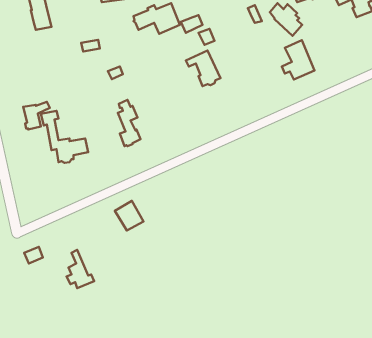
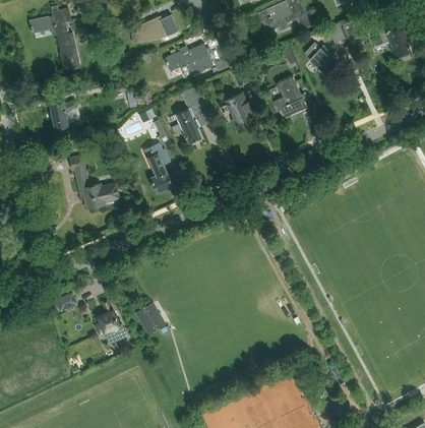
building: [282,40,315,79] -> [272,75,306,116]
building: none -> [176,86,211,143]
building: [23,102,50,129] -> [49,100,76,128]
building: [115,201,144,230] -> [135,303,165,333]

